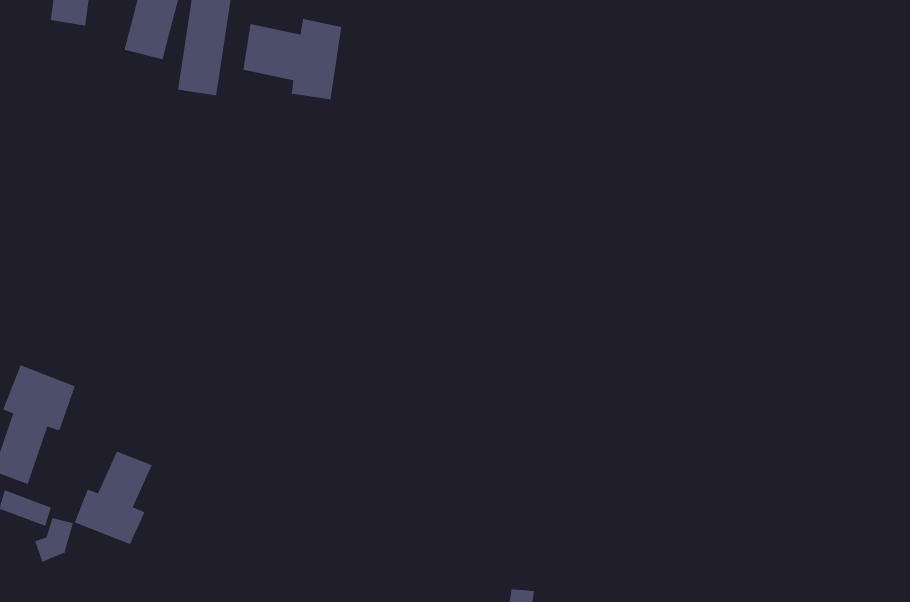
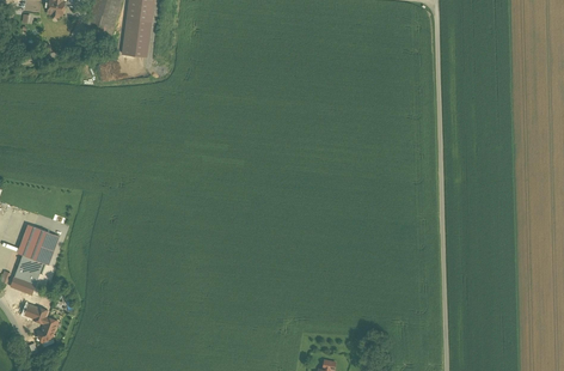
building: [243,18,342,100] -> none
building: [74,450,153,545] -> none

